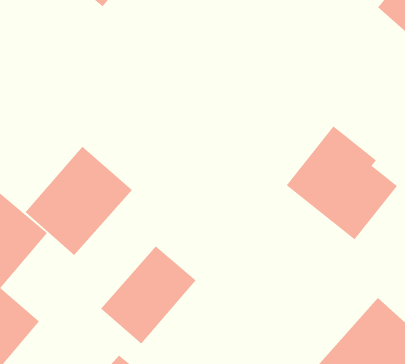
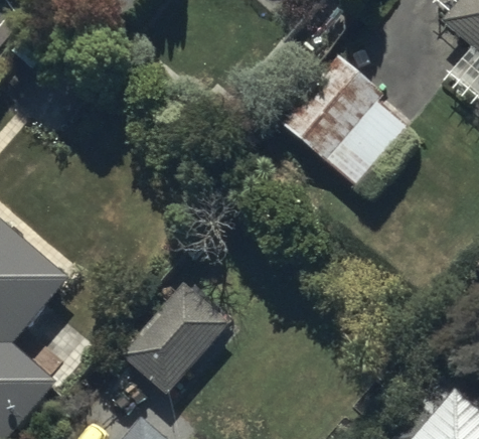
building: [286,126,398,240] -> [280,51,409,183]
building: [25,146,133,256] -> none

